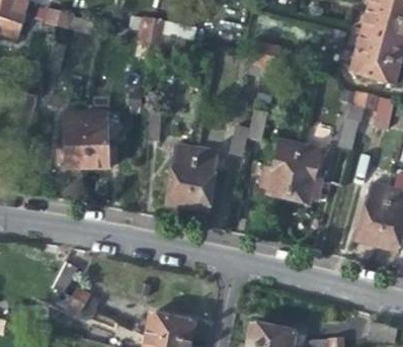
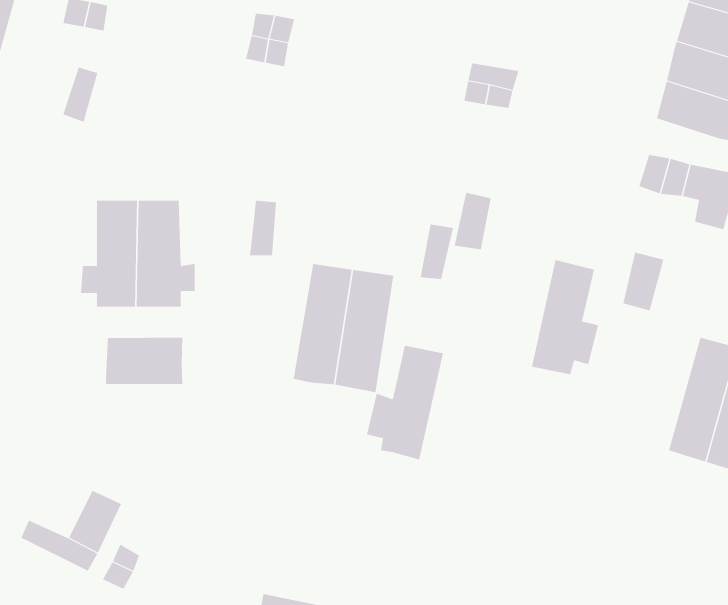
building: [260,139,300,197] -> [366,345,444,460]
building: none -> [105,337,183,385]

